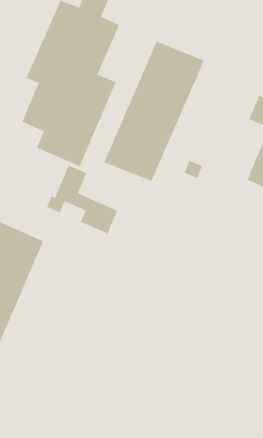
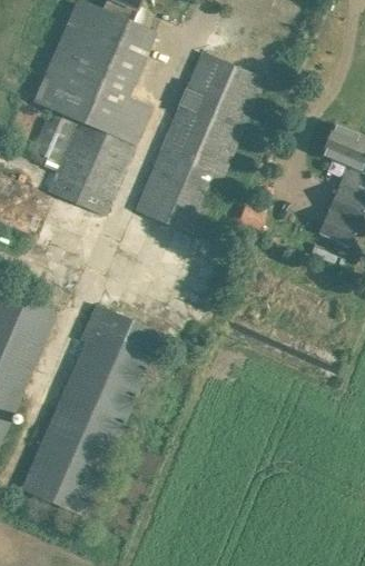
building: [46,165,118,234] -> none
building: none -> [20,304,164,516]

